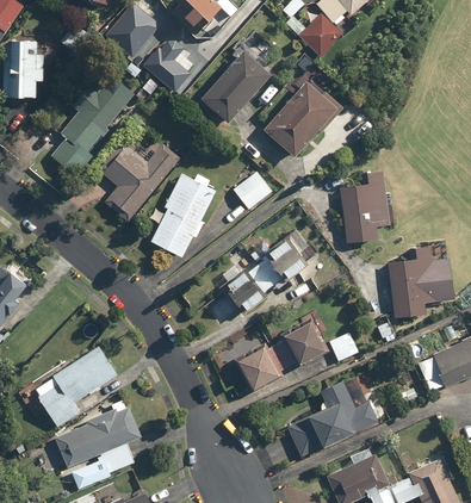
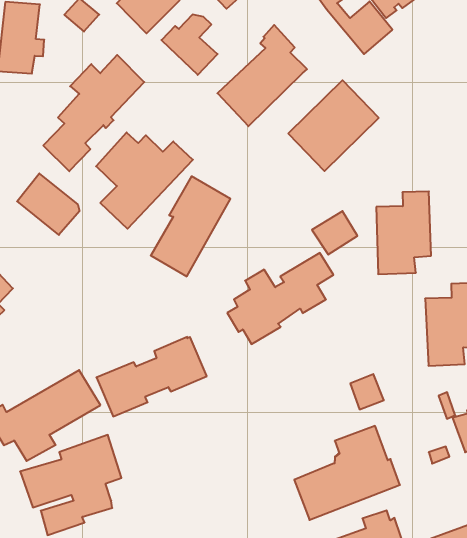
building: [233,172,272,210] -> [312,211,357,255]
building: none -> [17,173,80,235]
building: [233,319,327,392] -> [96,337,207,416]

